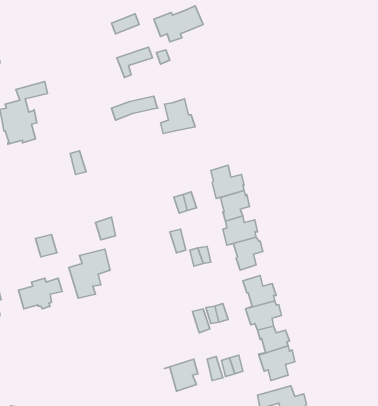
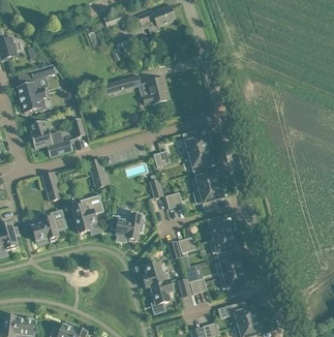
building: none -> [29,120,71,156]
building: none -> [109,214,143,242]
building: none -> [142,263,169,287]

